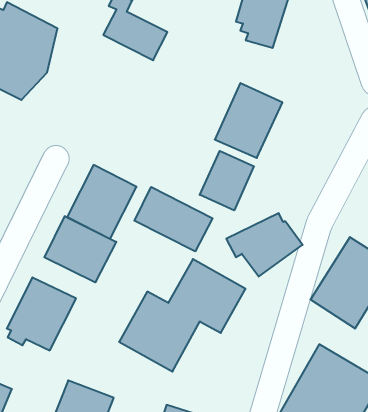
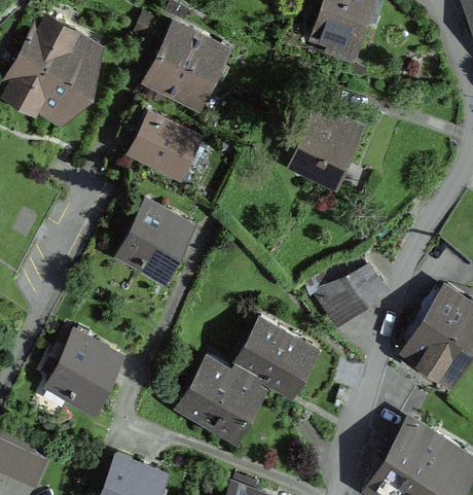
building: none -> [140,49,215,112]
building: none -> [124,109,203,183]
building: [200,151,254,210] -> none
building: [134,187,213,251] -> none
building: [44,216,116,282] -> none

